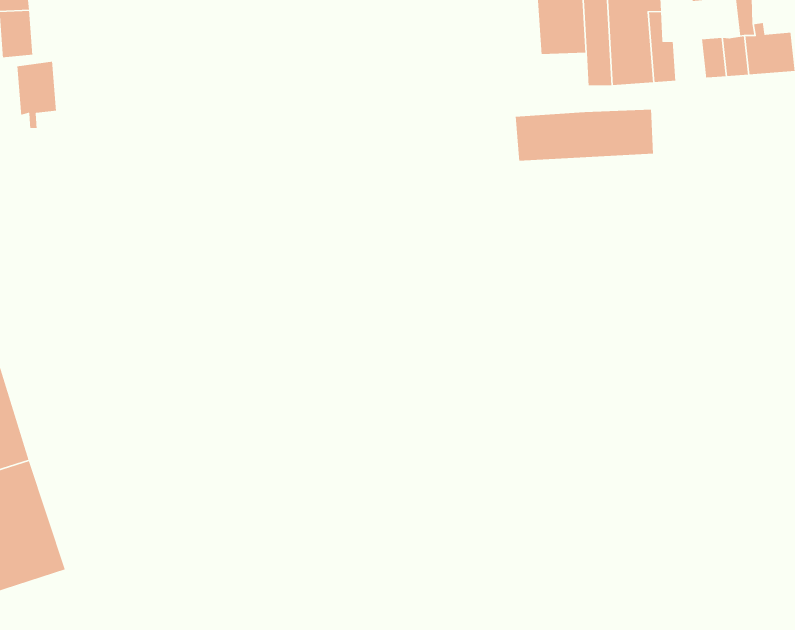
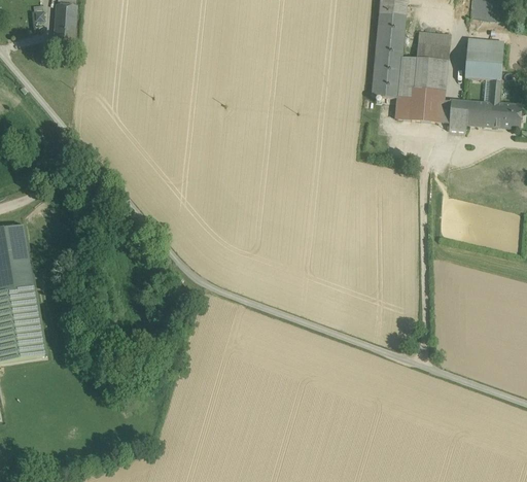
building: none -> [448,99,466,131]
building: [17,61,57,129] -> none
building: [515,109,654,161] -> none

